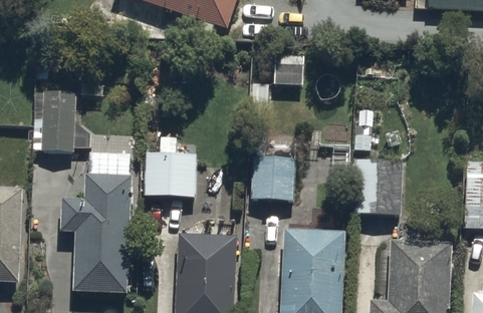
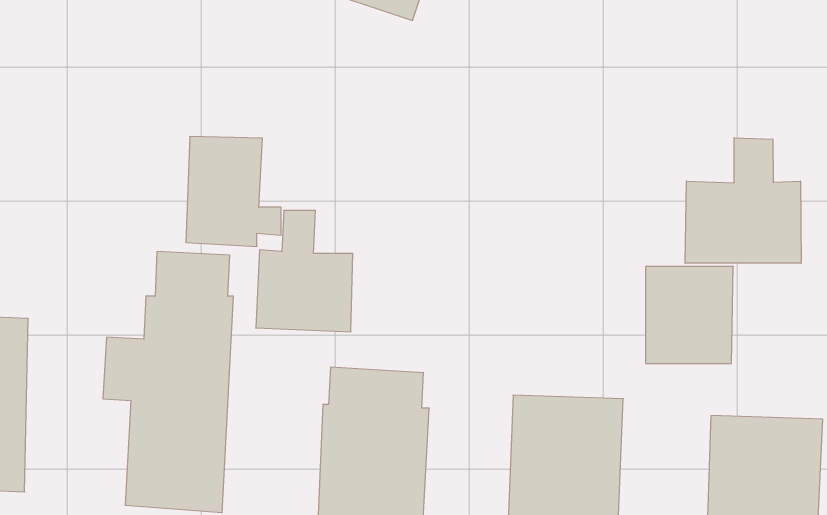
building: [35,90,86,149] -> [186,136,281,246]
building: none -> [685,138,801,263]
building: [251,151,295,194] -> none

